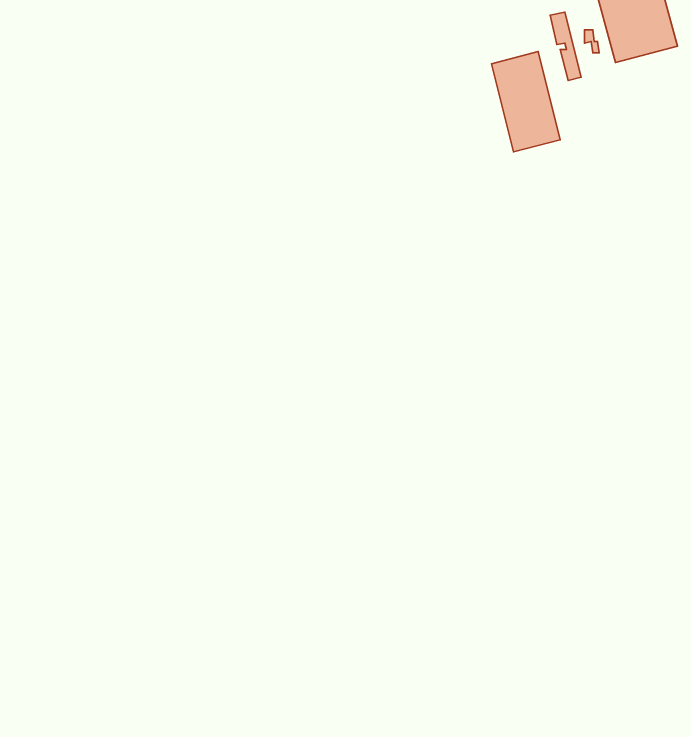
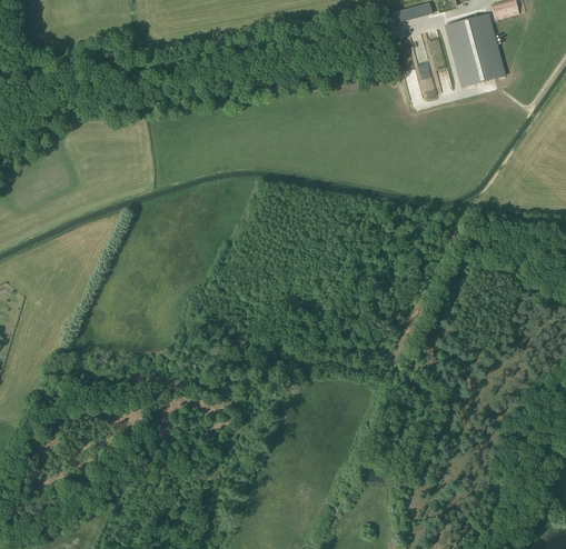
building: [491,52,560,152] -> none

